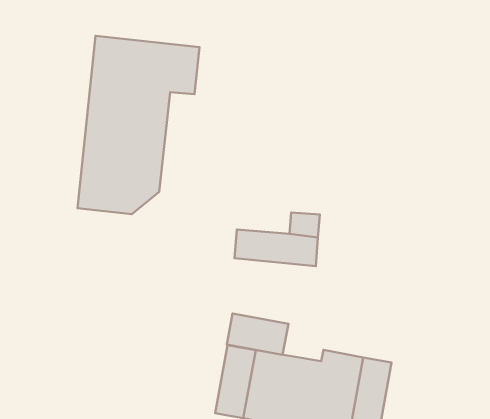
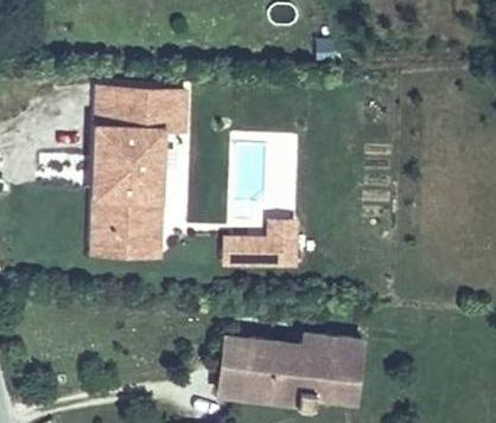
building: none -> [90,212,158,255]
building: [227,314,288,355] -> none

